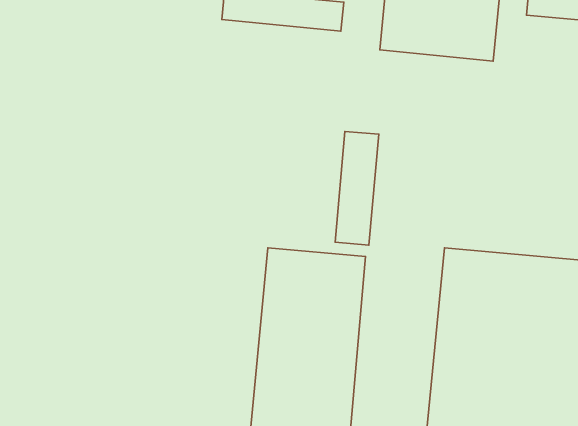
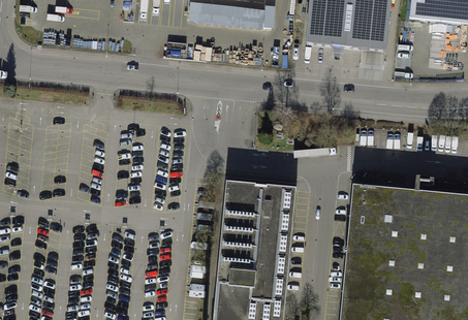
building: [335,131,379,245] -> none

